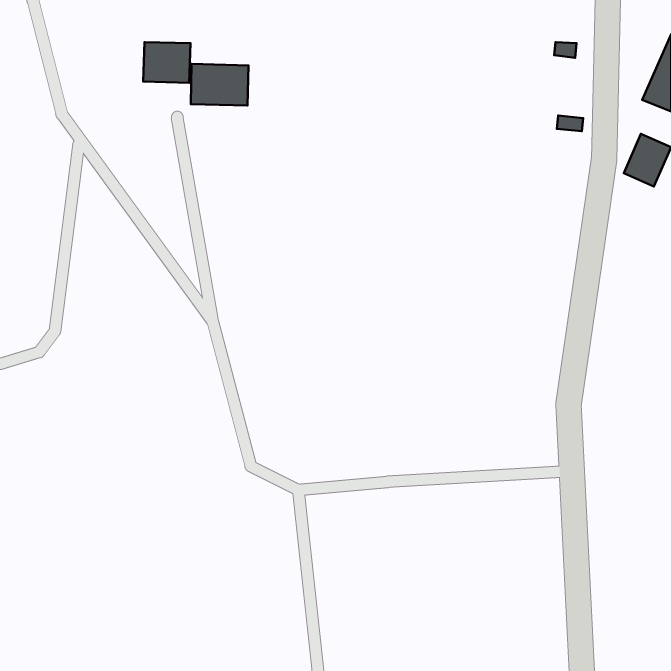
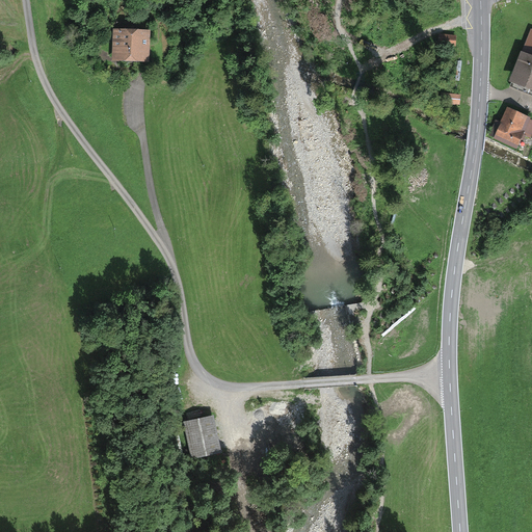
building: [191,64,249,106] -> none
building: none -> [184,415,222,457]

